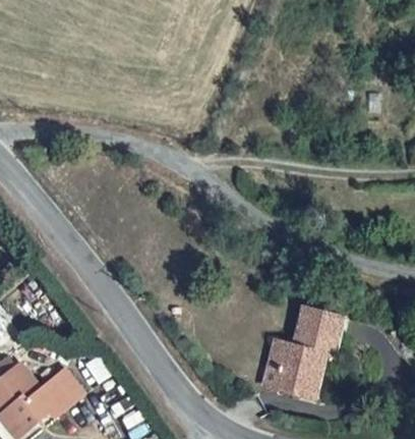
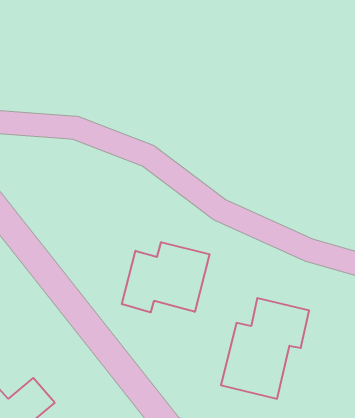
building: none -> [122,242,210,312]

